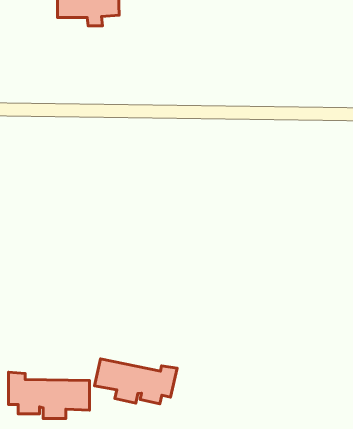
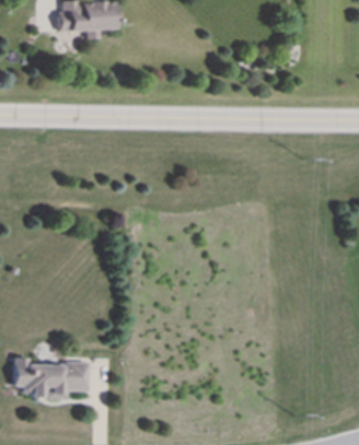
building: [95,359,177,404] -> none

